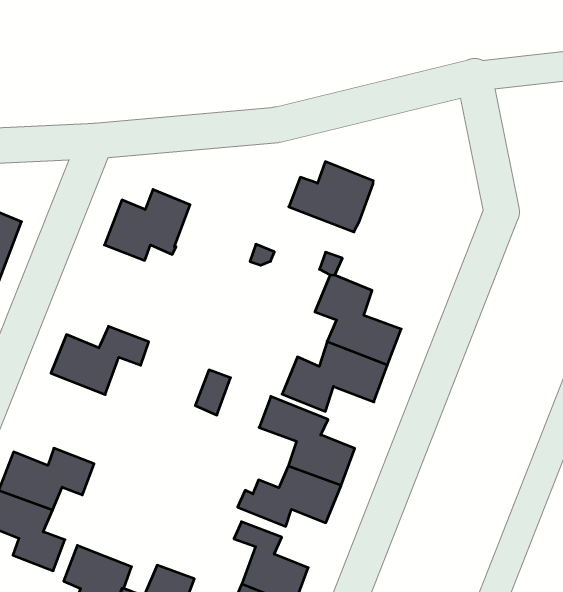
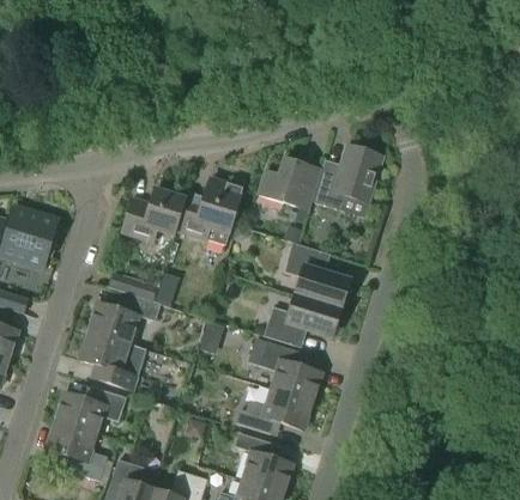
building: none -> [313,144,382,208]
building: none -> [175,177,243,244]
building: none -> [80,330,140,389]

